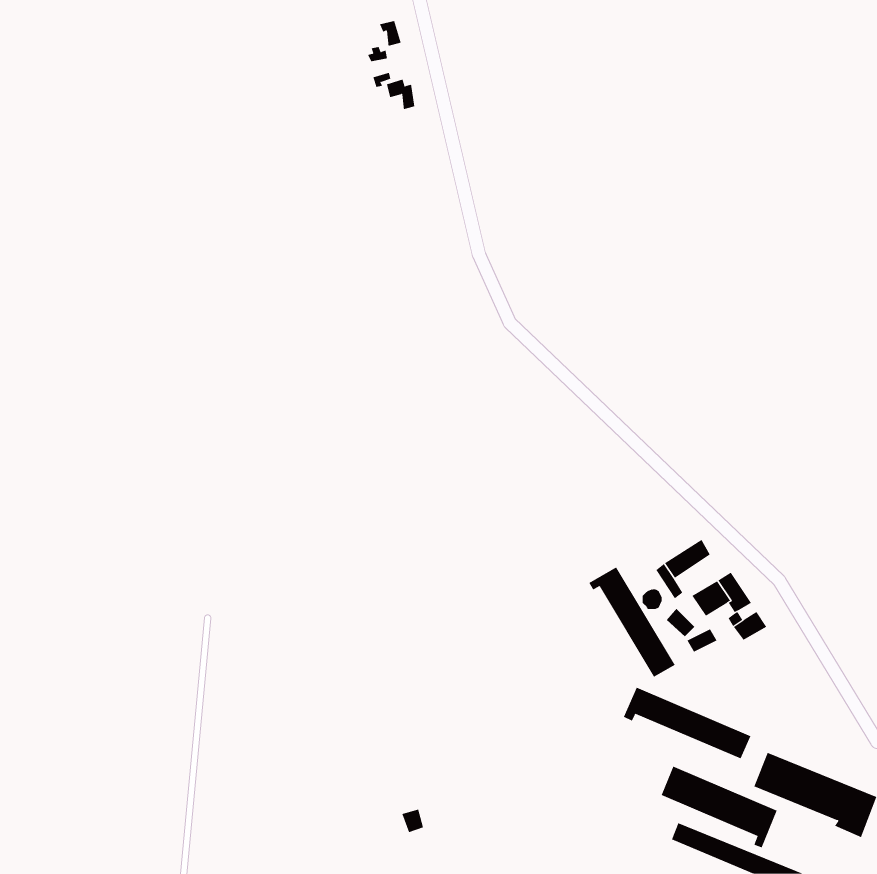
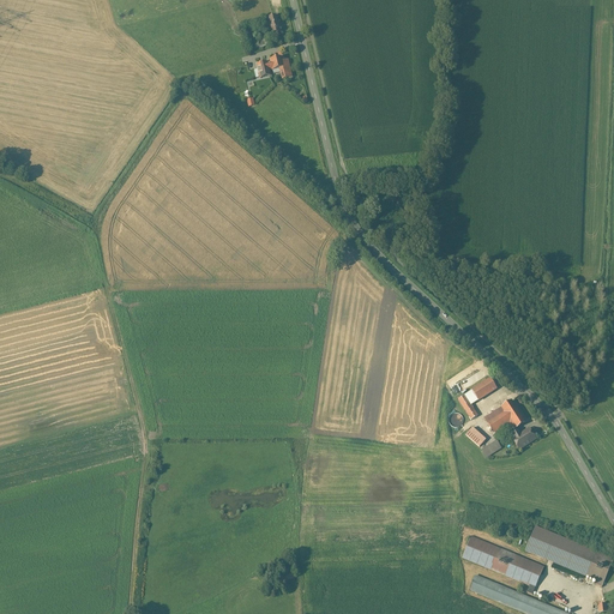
building: [588,566,675,678] -> none
building: [623,687,751,759] -> none

